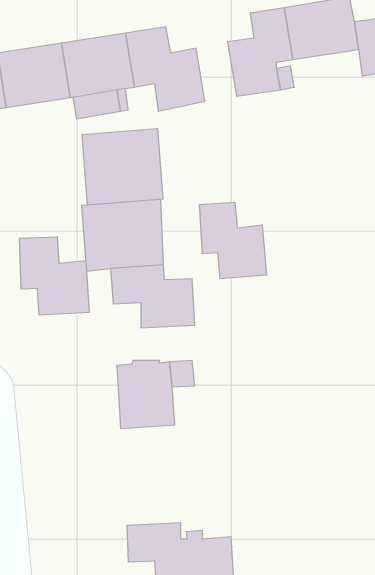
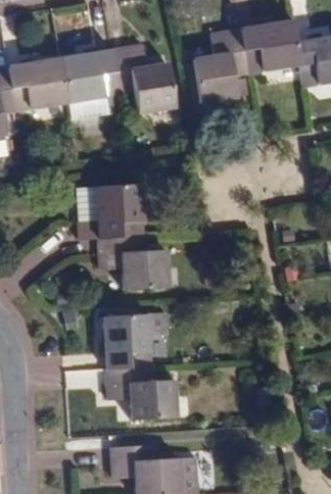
building: [82,128,163,205] -> none
building: [200,202,267,279] -> none
building: [19,237,89,315] -> none
building: none -> [107,366,177,423]

